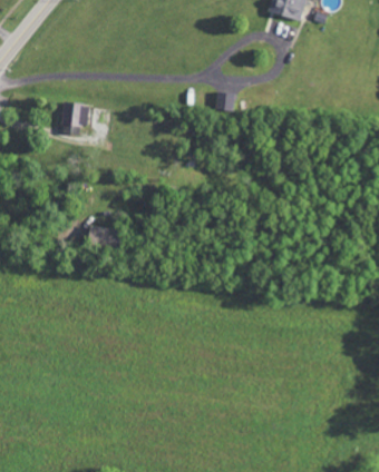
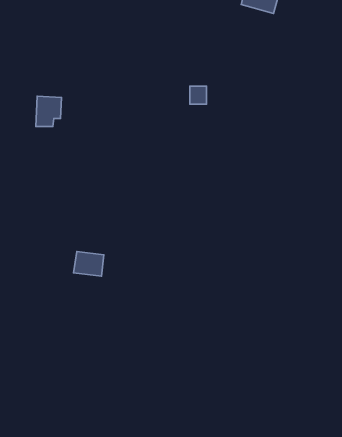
building: [86,225,116,249] -> [74,251,104,276]

